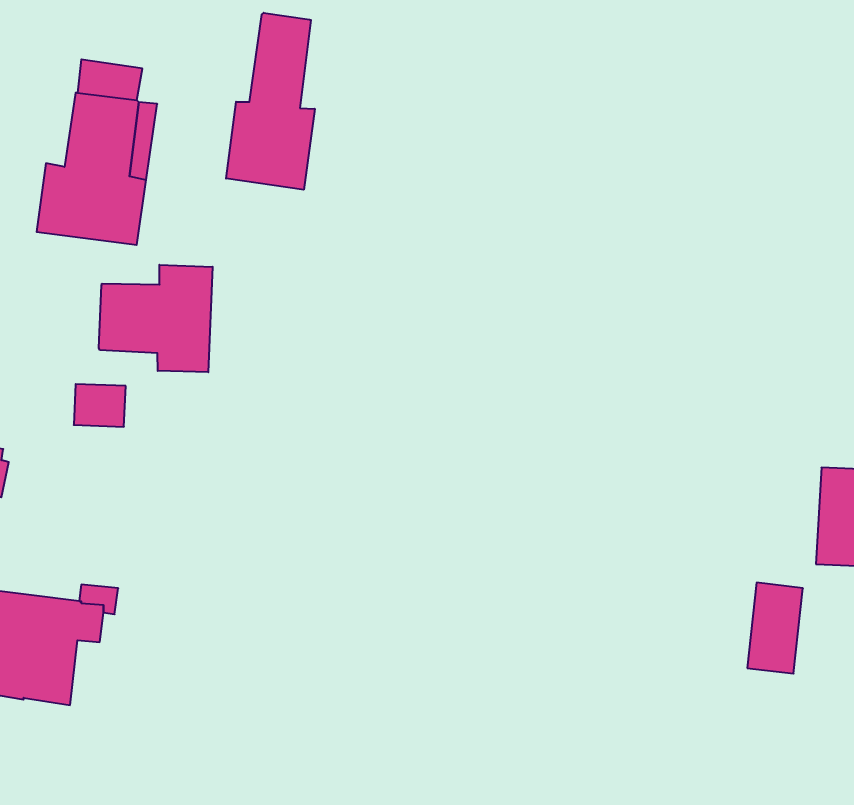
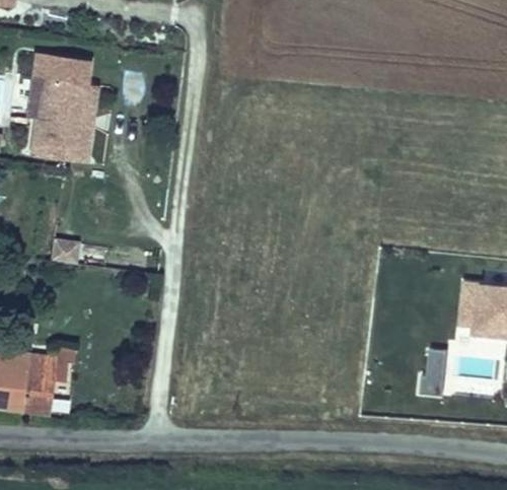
building: [226,13,315,190] -> none
building: none -> [26,75,52,119]
building: [99,265,213,372] -> none

